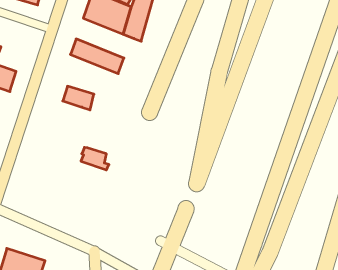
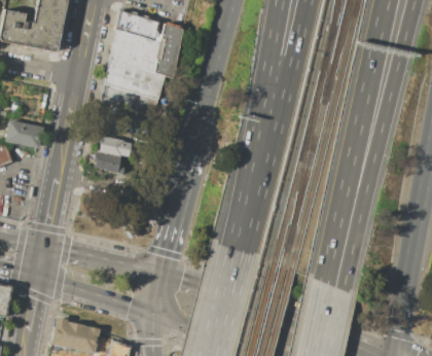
building: none -> [104,60,167,98]
building: [81,147,109,170] -> [93,152,123,174]

